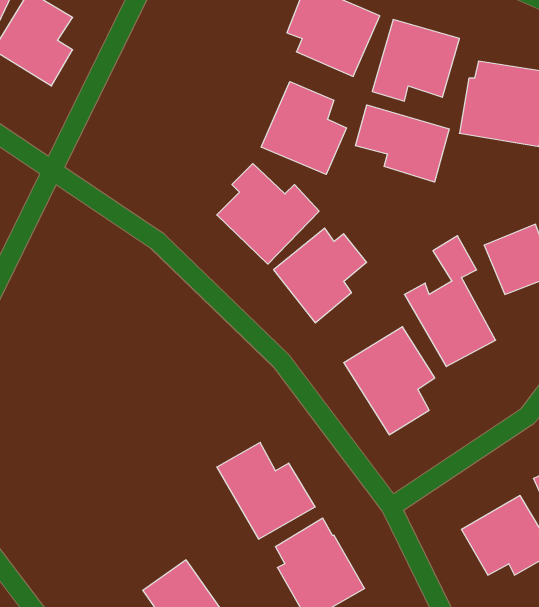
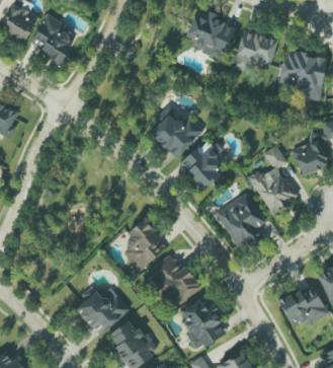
building: [261,82,346,174] -> none
building: [355,105,449,182] -> none
building: none -> [121,219,167,271]
building: none -> [75,282,129,336]

